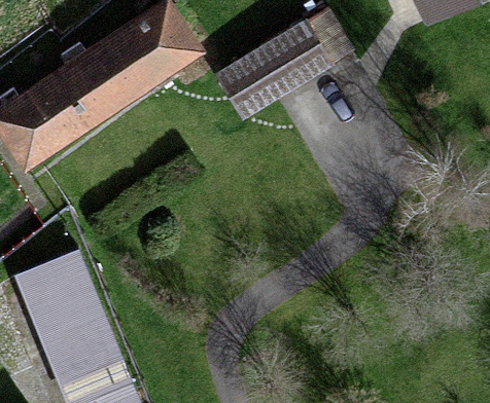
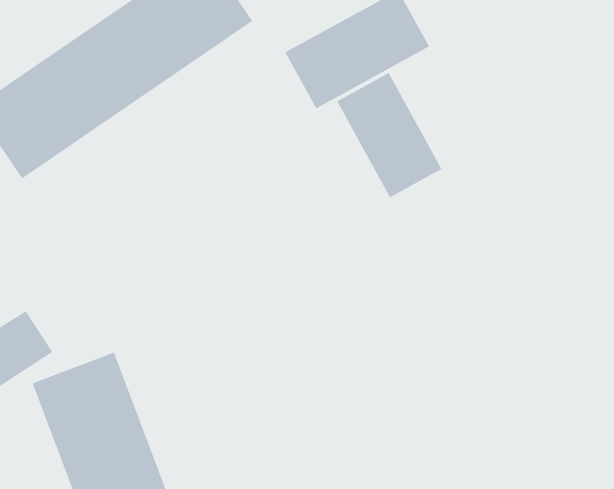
building: none -> [336,72,442,198]

